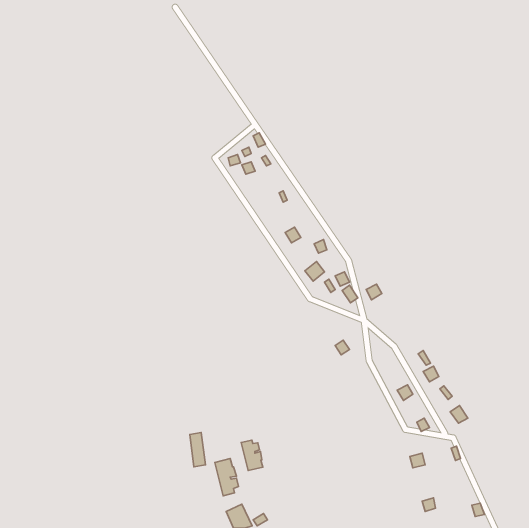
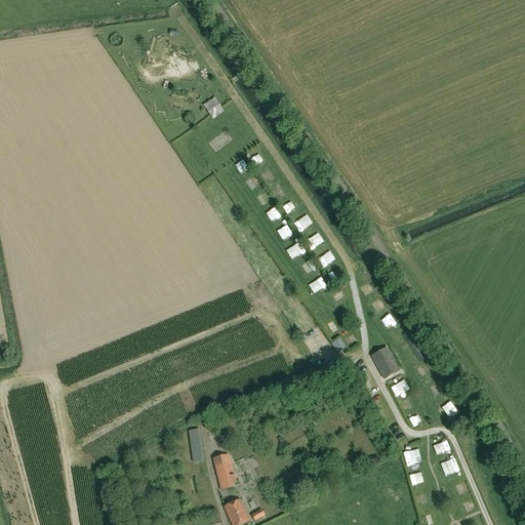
building: none -> [370,346,398,377]
building: [241,440,263,471] -> none

